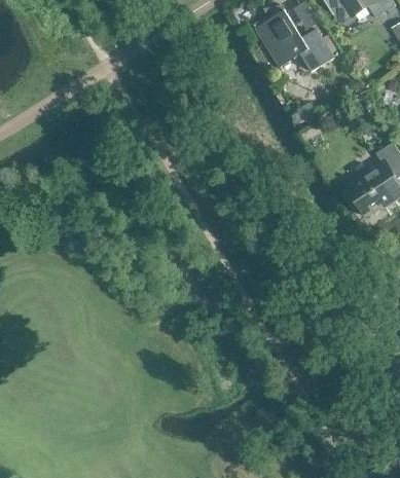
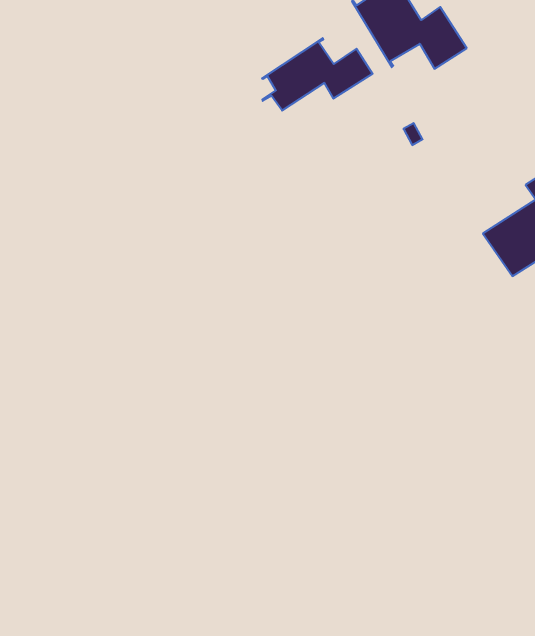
building: none -> [262,38,373,111]

